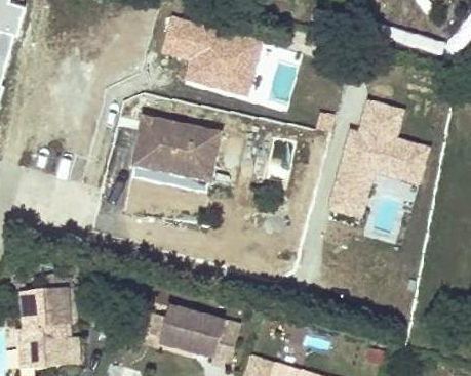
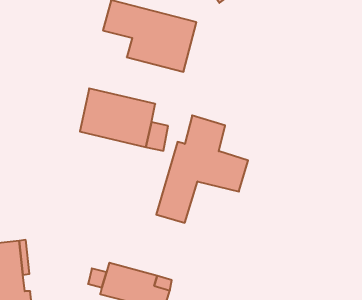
building: [327,96,430,216] -> [156,115,248,223]

